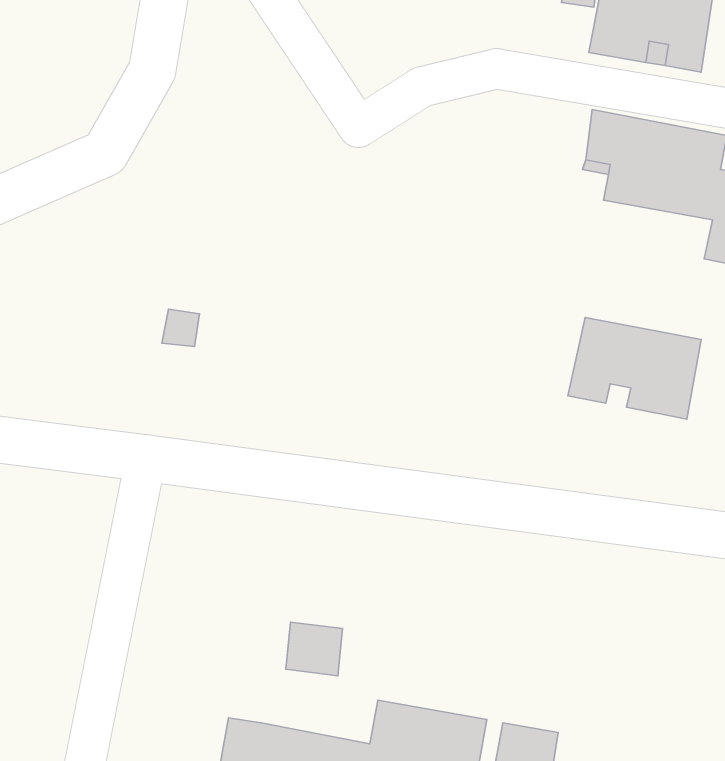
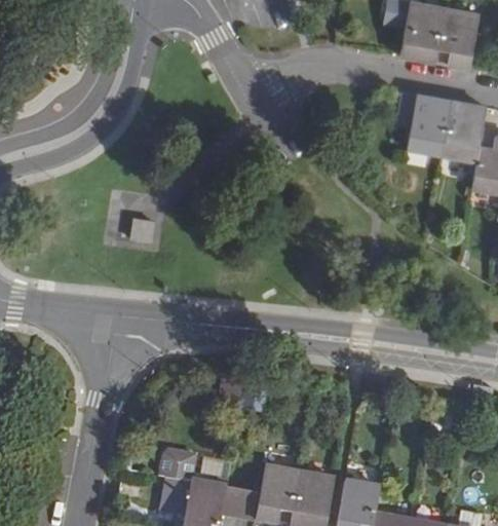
building: [568,317,701,419] -> none
building: [286,622,343,676] -> [160,446,196,480]

